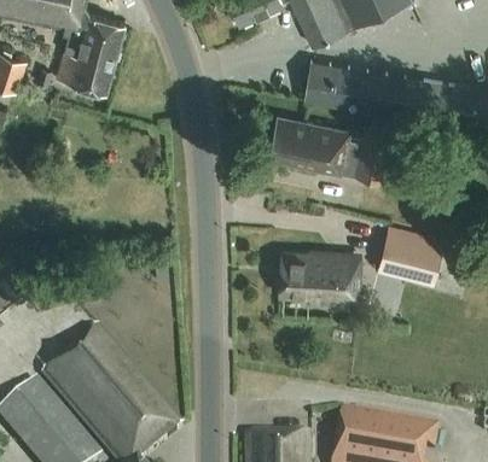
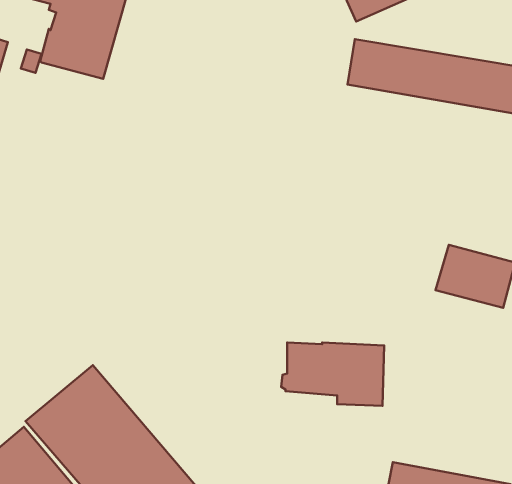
building: [269,118,395,183] -> none
building: [277,253,361,305] -> [281,343,384,406]

